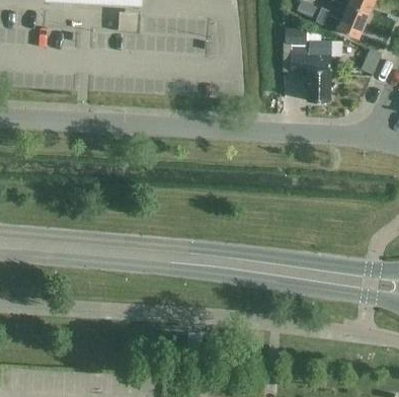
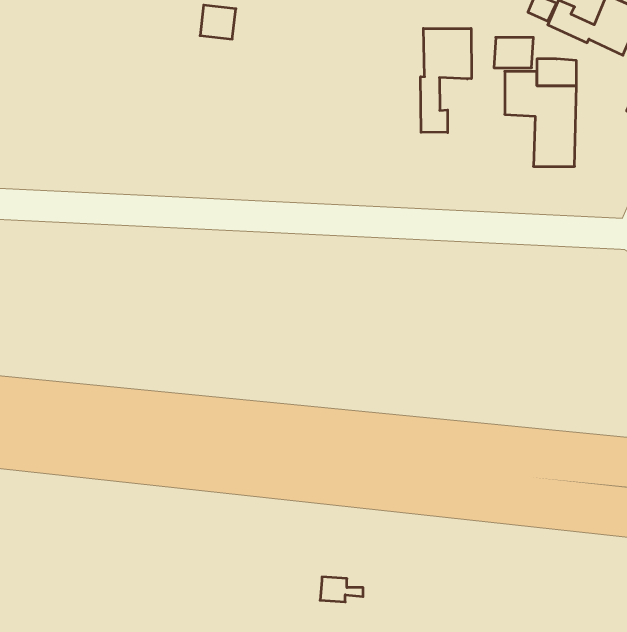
building: none -> [421,28,471,133]

